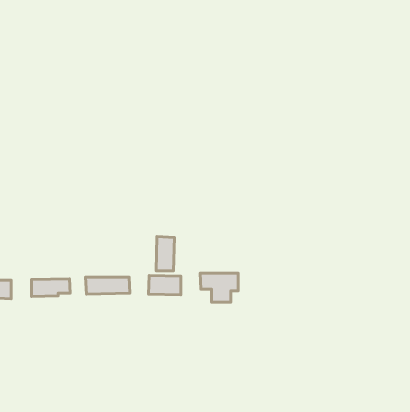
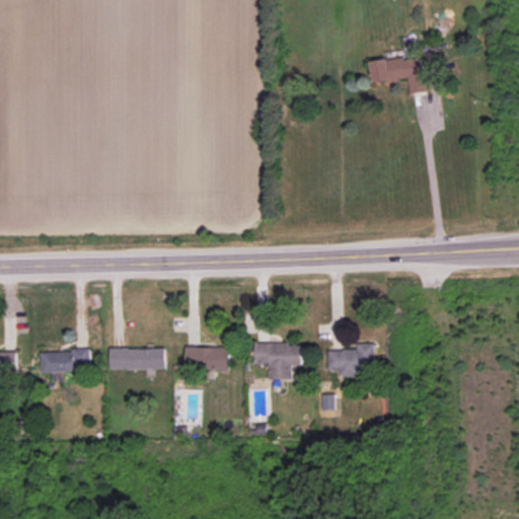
building: none -> [368,57,424,93]
building: [156,237,174,271] -> none
building: none -> [325,344,373,376]

